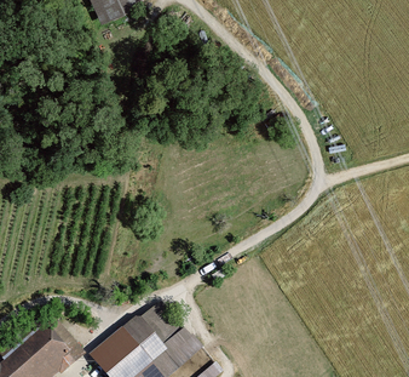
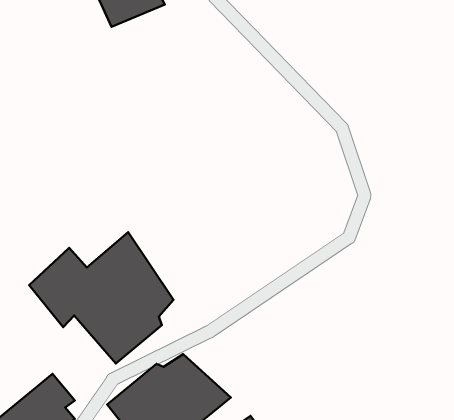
building: none -> [29,232,173,363]

